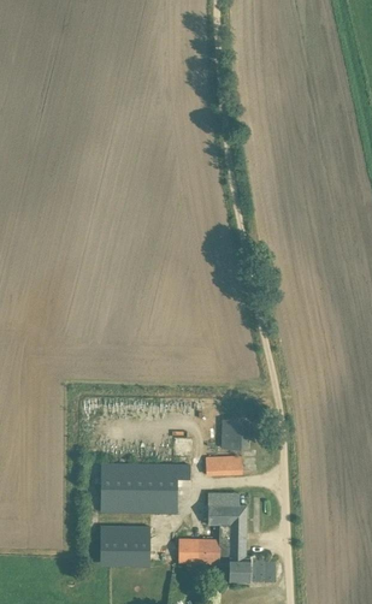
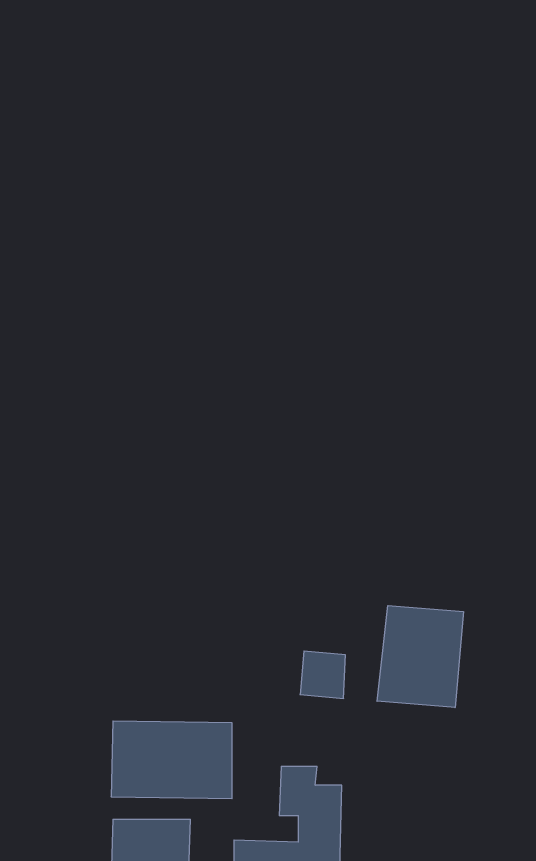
building: none -> [377,606,463,708]
building: [206,457,242,475] -> none

